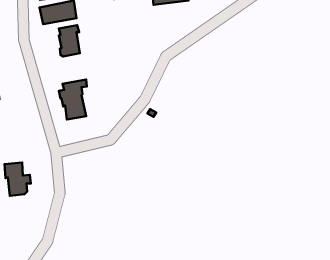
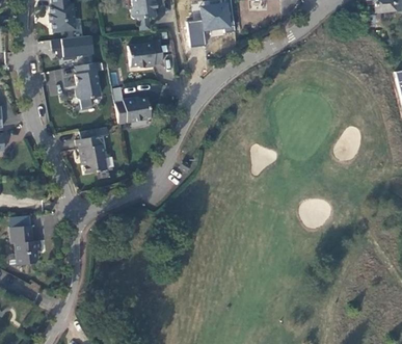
building: none -> [128,42,162,68]
building: none -> [115,97,151,124]

